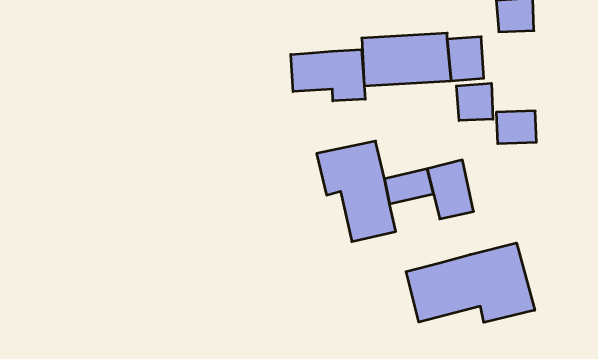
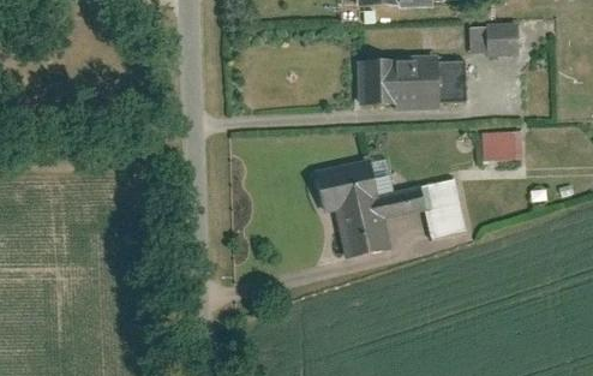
building: [291,49,365,101] -> none
building: [456,83,493,121] -> none
building: [406,243,535,322] -> none

